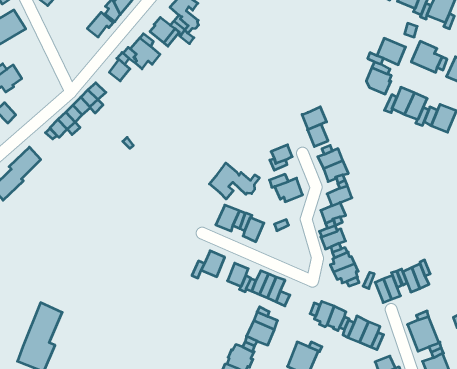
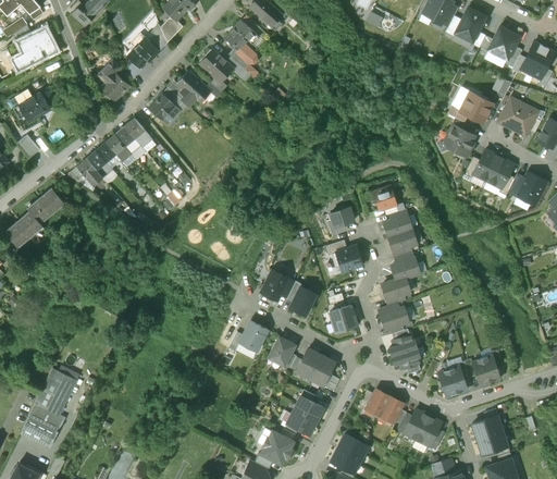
building: none -> [97,59,129,100]
building: [302,107,327,130] -> none
building: [209,163,259,199] -> none
building: none -> [329,305,357,333]

